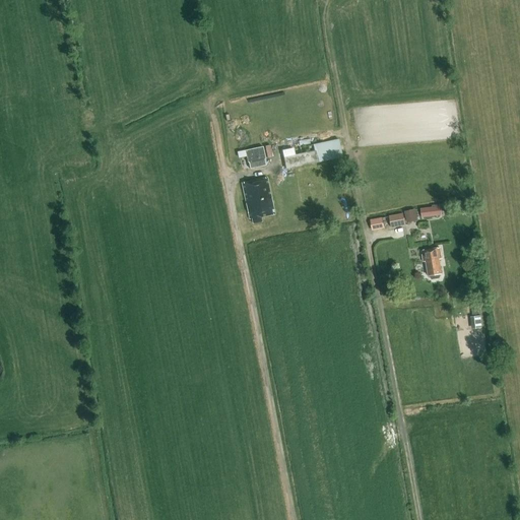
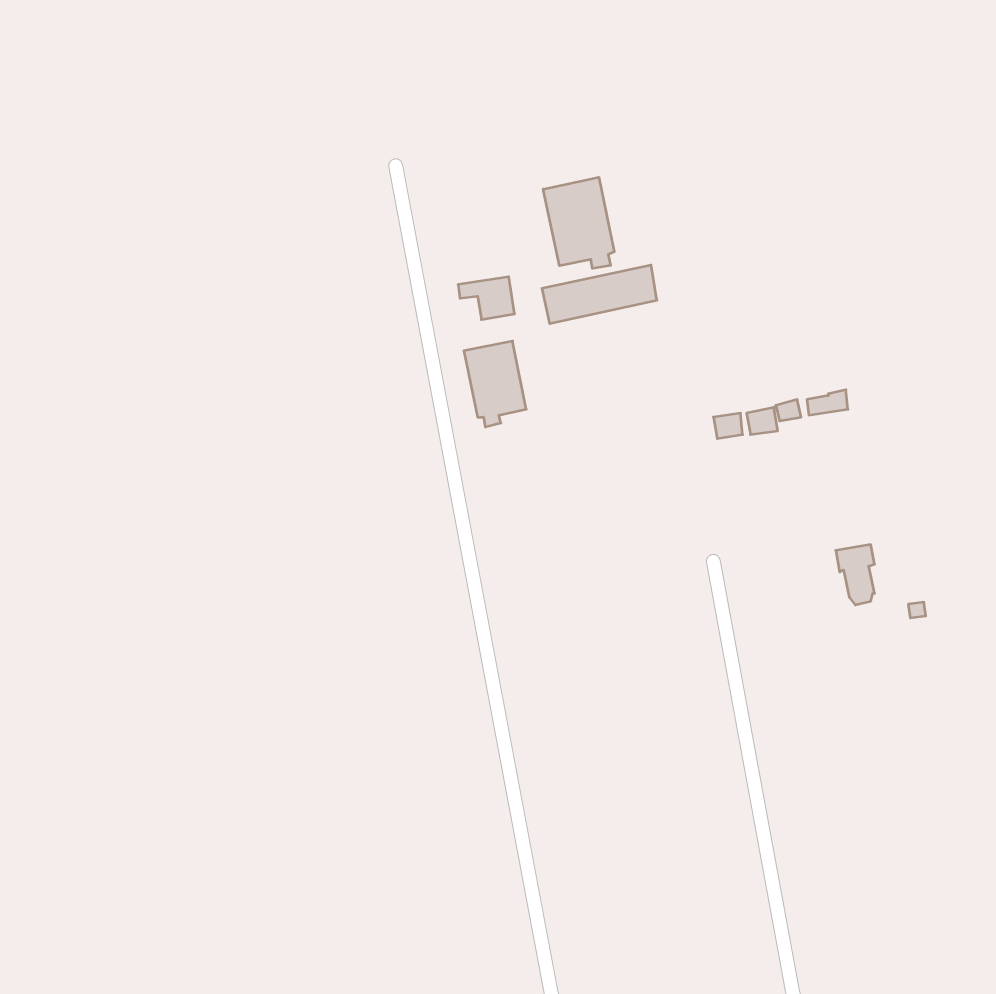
building: none -> [543,177,614,268]
building: [421,248,442,279] -> [836,545,875,605]

